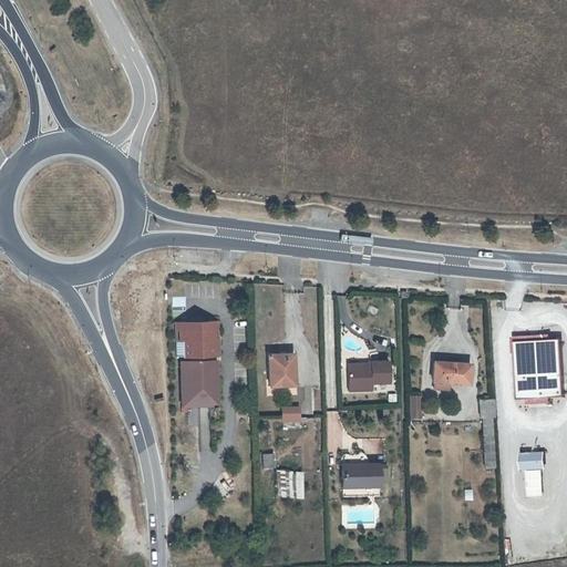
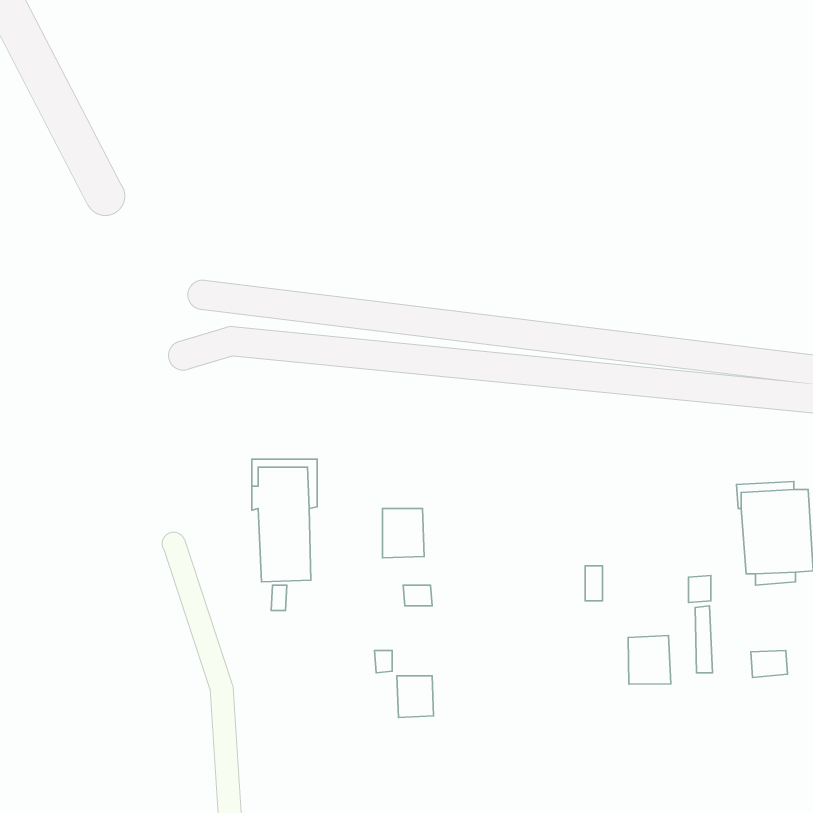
building: [350,362,393,392] -> none
building: [435,362,472,385] -> none
building: none -> [628,636,671,684]
building: [344,465,384,497] -> none

